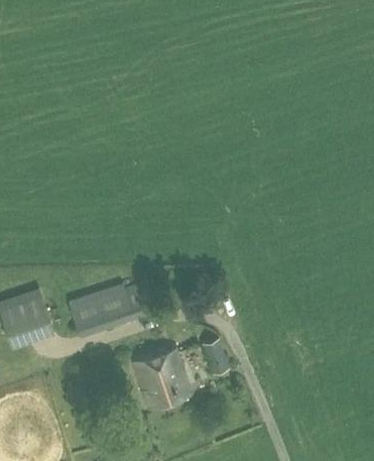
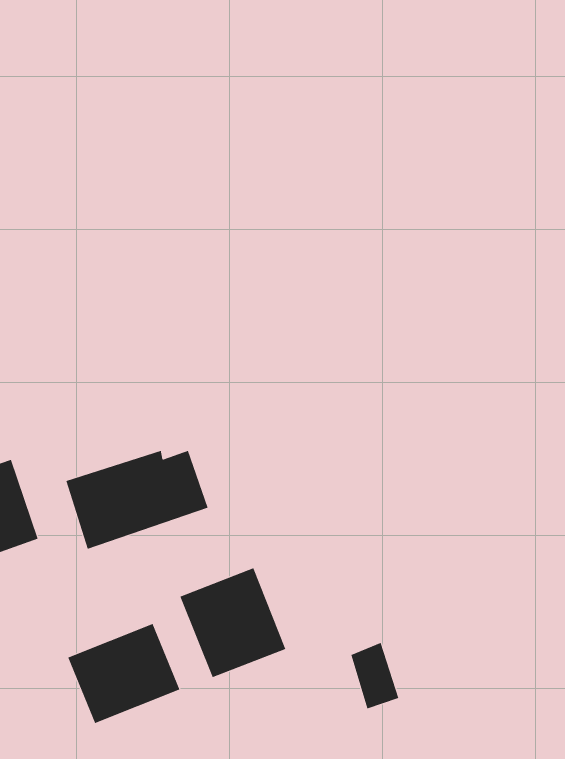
building: [201,336,228,373] -> [350,642,399,709]
building: none -> [68,623,180,724]

